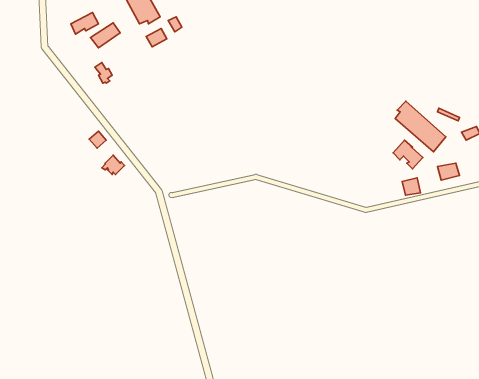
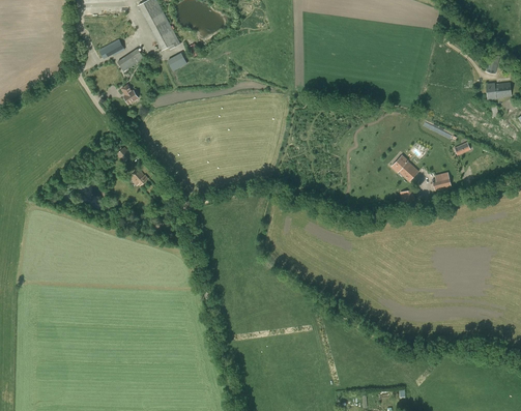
building: [395,101,446,152] -> none

